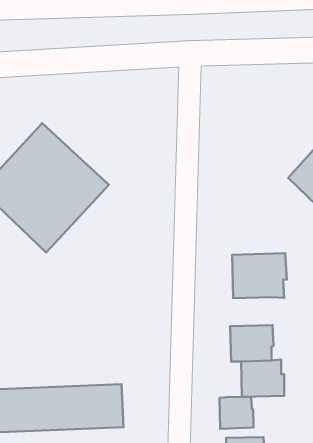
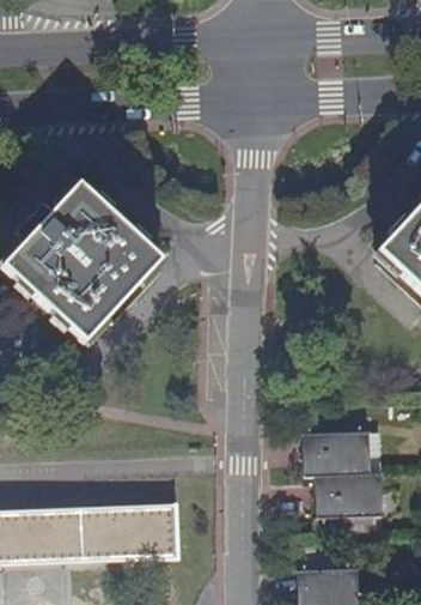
building: [232,253,287,298] -> none
building: [219,397,253,429] -> none

